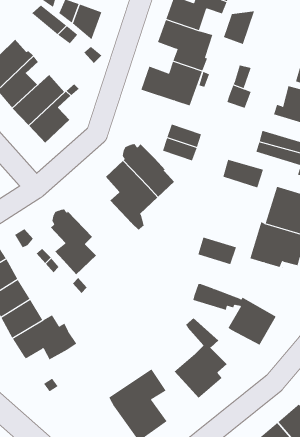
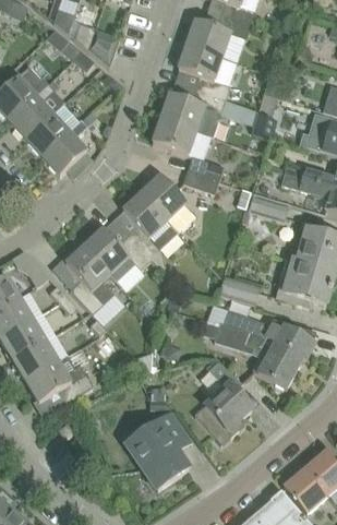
building: [223,11,255,45] -> none
building: none -> [153,118,196,154]
building: none -> [83,228,151,273]
building: none -> [224,308,316,358]

